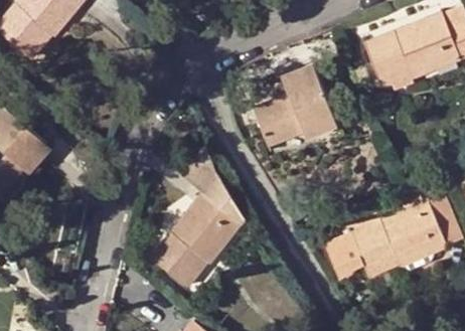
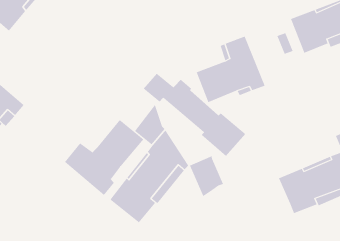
building: none -> [143,73,246,157]
building: none -> [64,119,144,196]
building: [323,229,364,279] -> [189,155,224,197]

